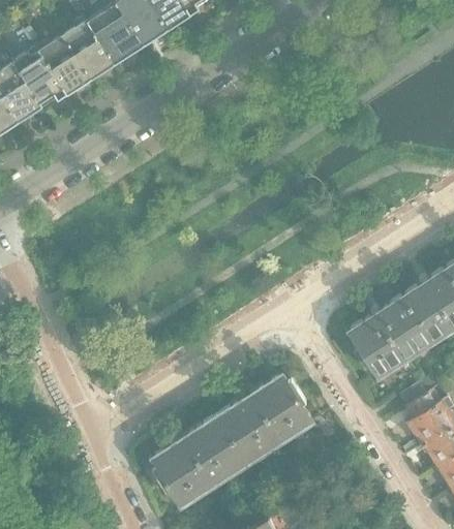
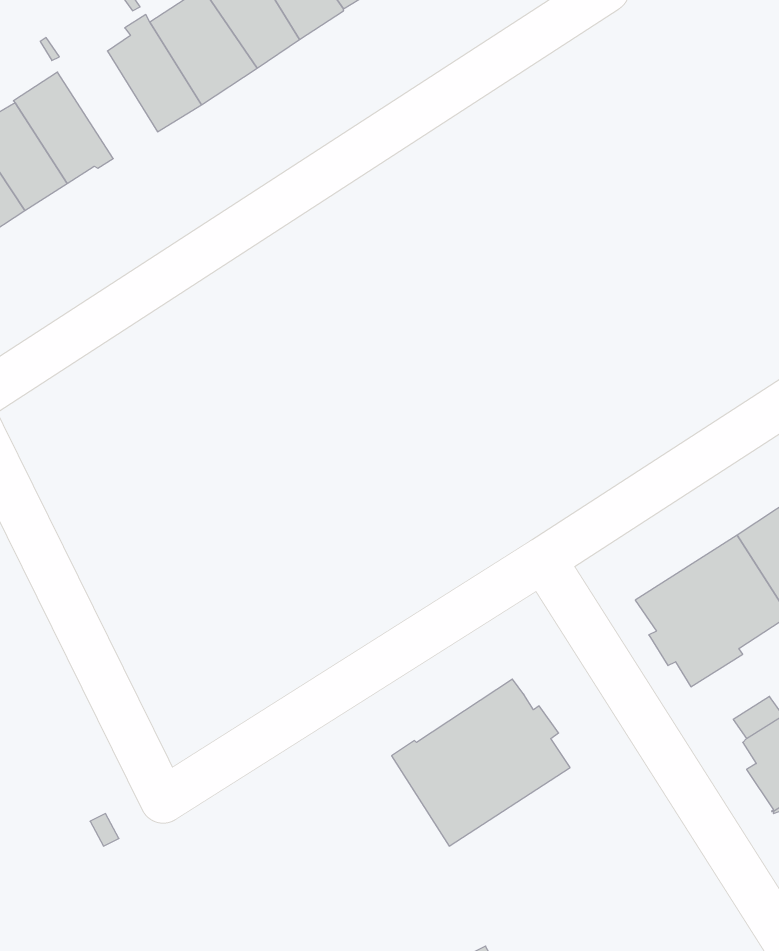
building: [36,37,90,96] -> none
building: [152,416,247,507] -> none

